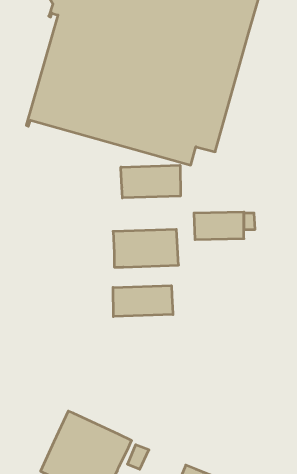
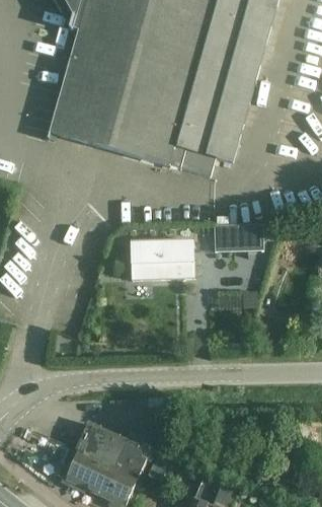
building: [121,165,180,198] -> none
building: [113,286,173,317] -> none

